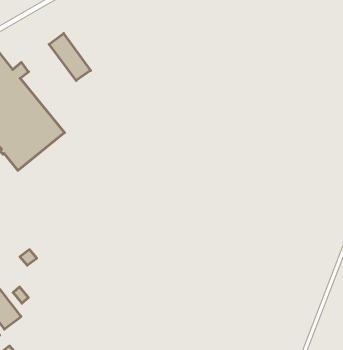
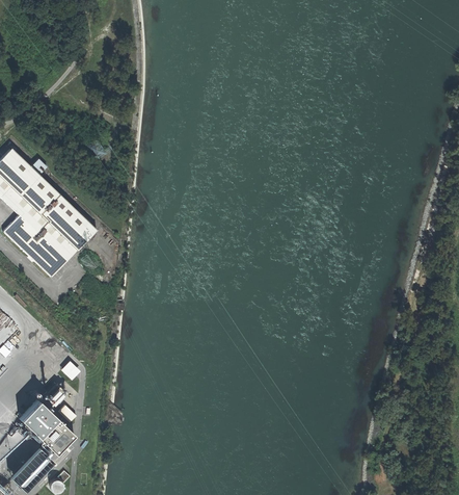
building: [49,33,91,81] -> none

